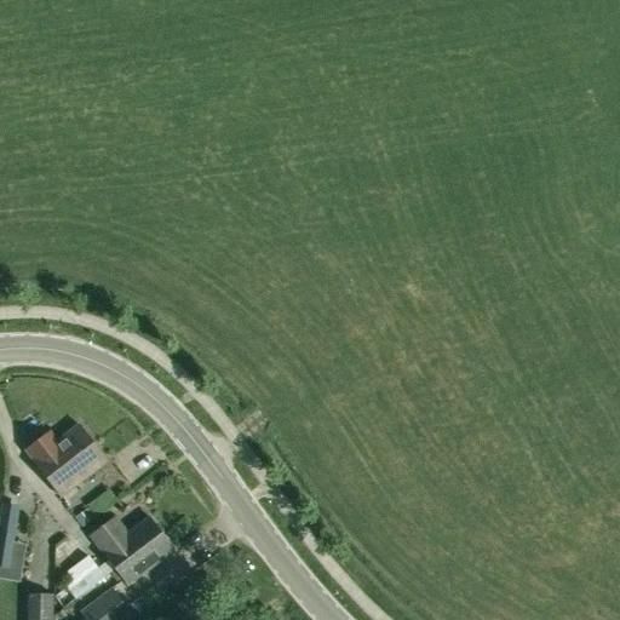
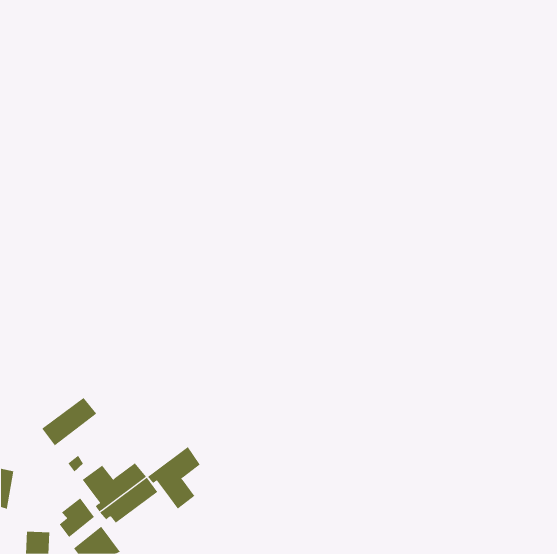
building: [25,421,94,476] -> none
building: none -> [147,446,201,509]

